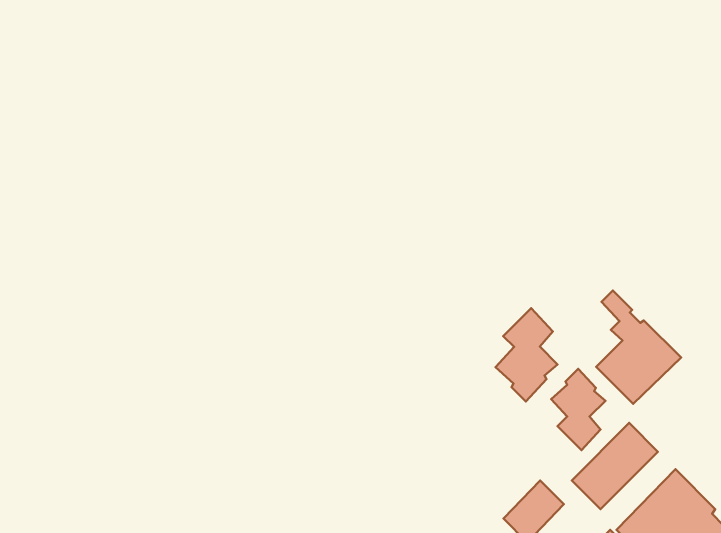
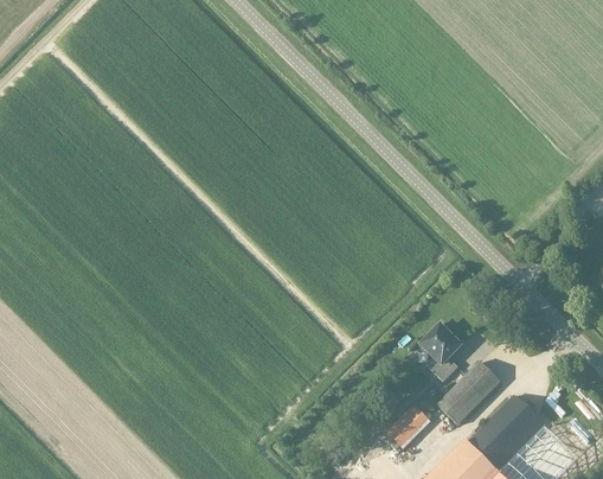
building: [596,291,681,404] -> none
building: [495,308,558,402] -> none

